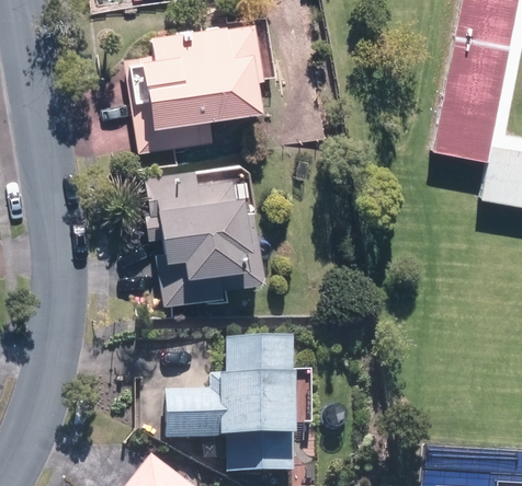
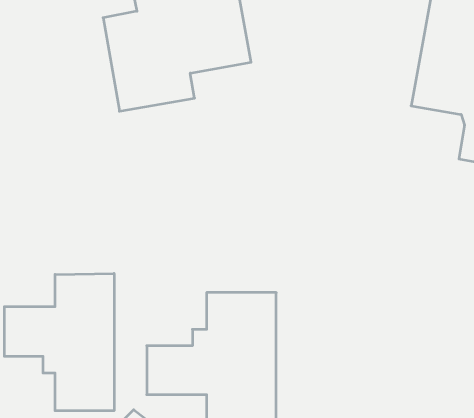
building: [146,169,271,306] -> none
building: none -> [4,273,114,411]

